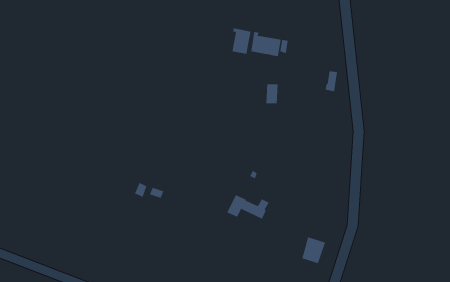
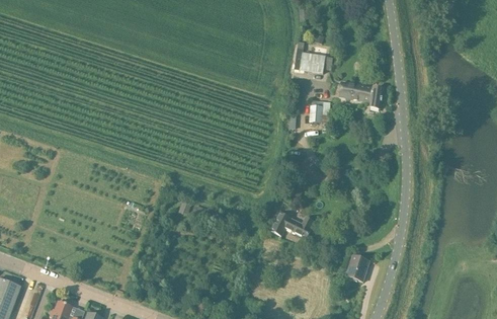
building: [232,27,251,55] -> none
building: none -> [339,81,374,100]

